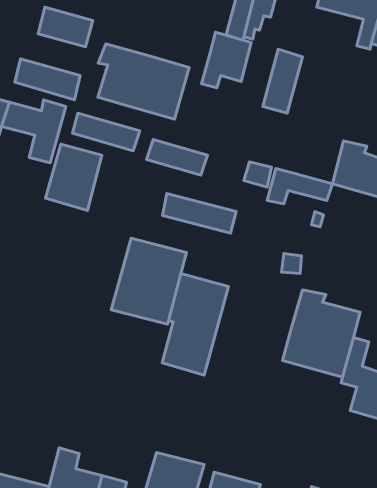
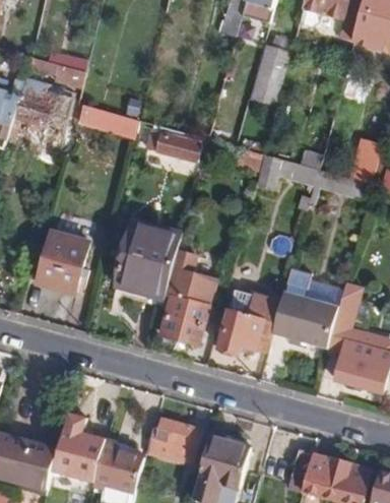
building: [38,7,93,47] -> none
building: [201,32,251,88] -> none
building: [98,44,189,119] -> none
building: [46,144,102,210] -> [37,231,88,292]
building: [162,193,236,233] -> none
building: none -> [220,271,285,353]

